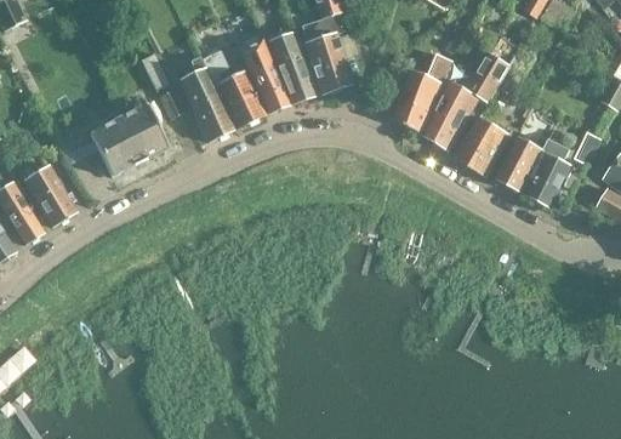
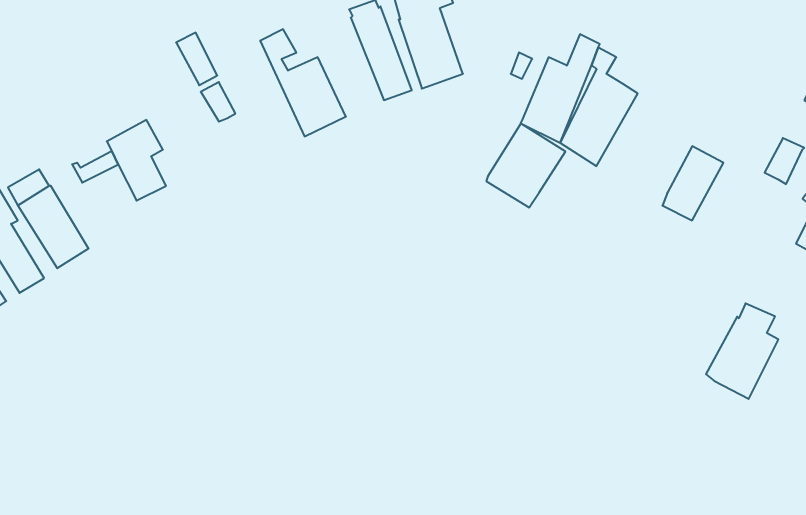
building: [239,39,287,112] -> none
building: [468,53,509,102] -> none
building: [178,56,233,141] -> none
building: [118,103,167,165] -> none
building: [454,115,512,177] -> [486,123,565,207]
building: [519,138,572,209] -> [706,303,778,399]

